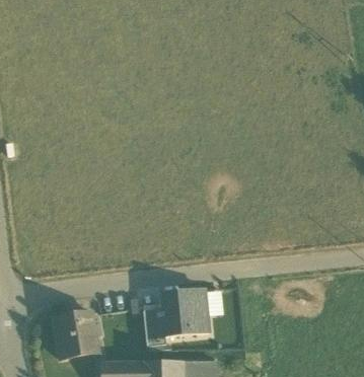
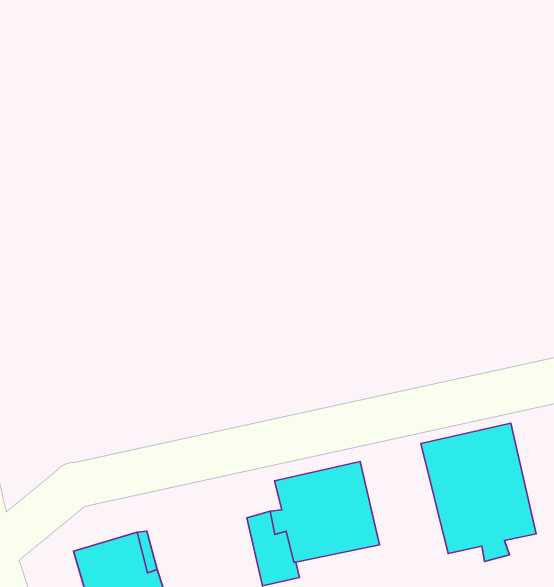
building: none -> [421,423,536,562]

